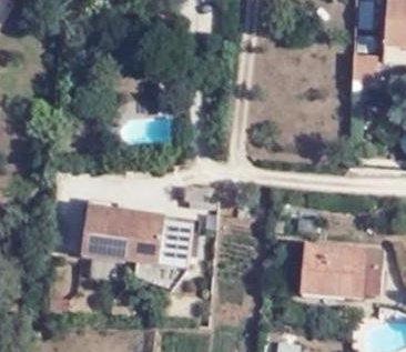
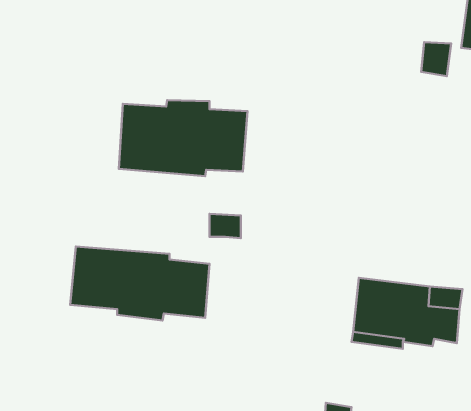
building: none -> [119,100,248,176]

